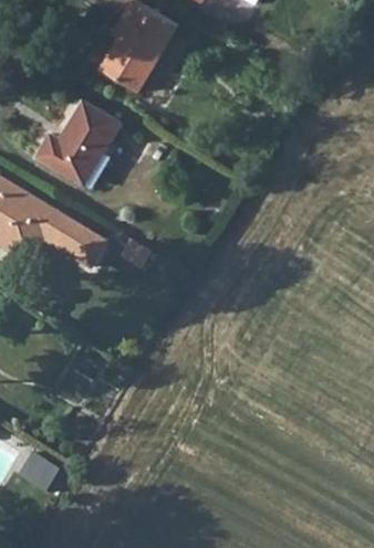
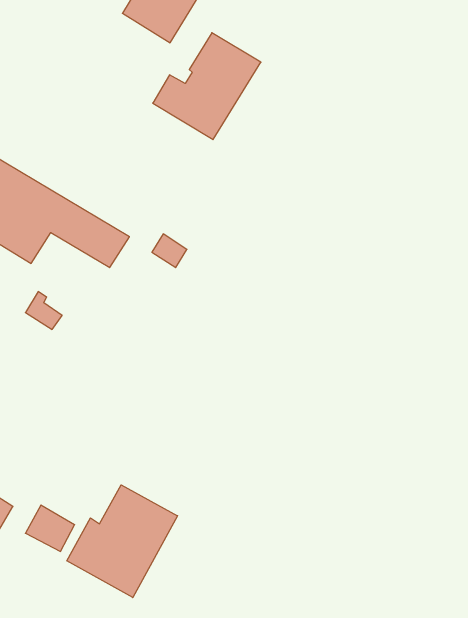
building: [35,98,121,182] -> [153,33,261,140]
building: none -> [67,485,178,598]

